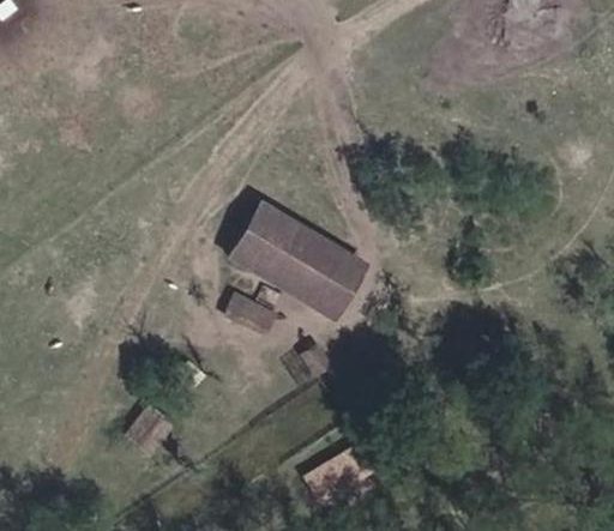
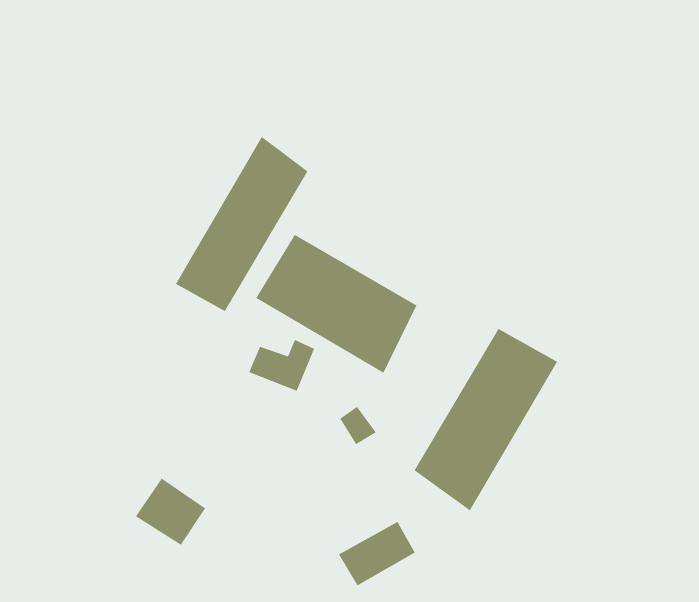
building: none -> [175,136,309,312]
building: none -> [414,328,558,512]

